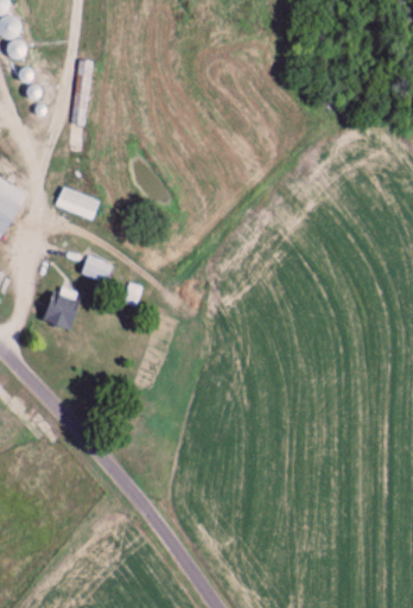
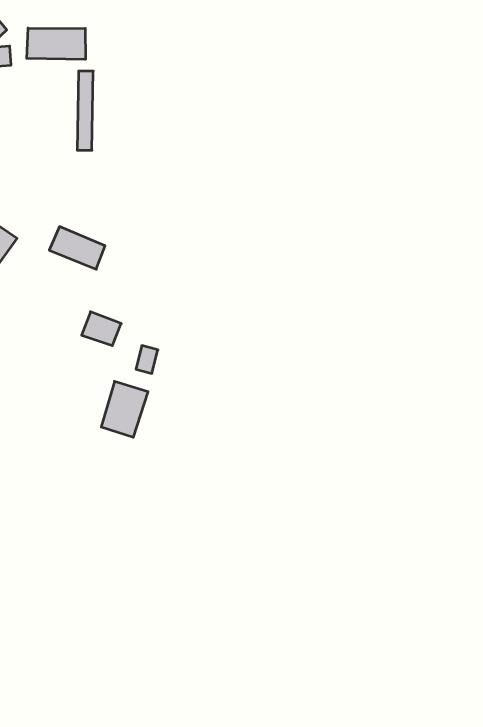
building: none -> [27,28,85,59]
building: [42,285,80,330] -> [101,381,148,437]

